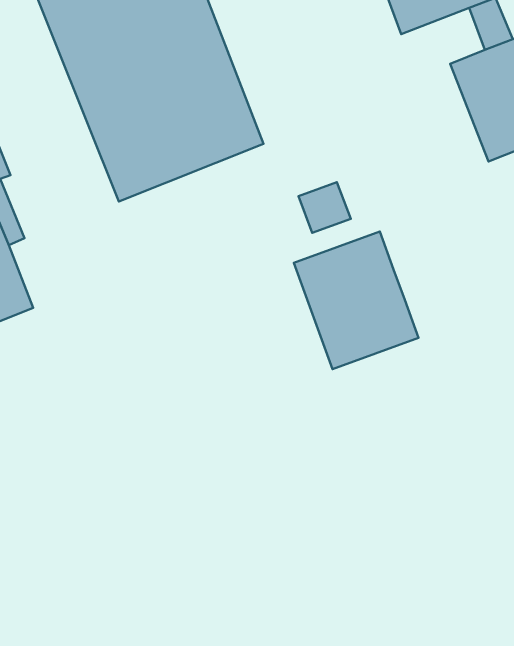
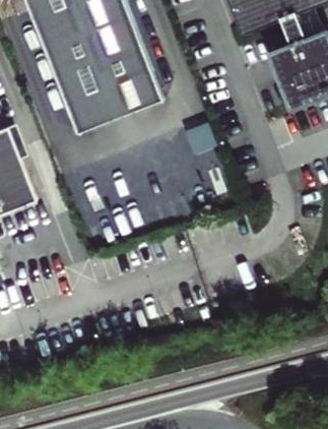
building: [294,231,419,369] -> none

